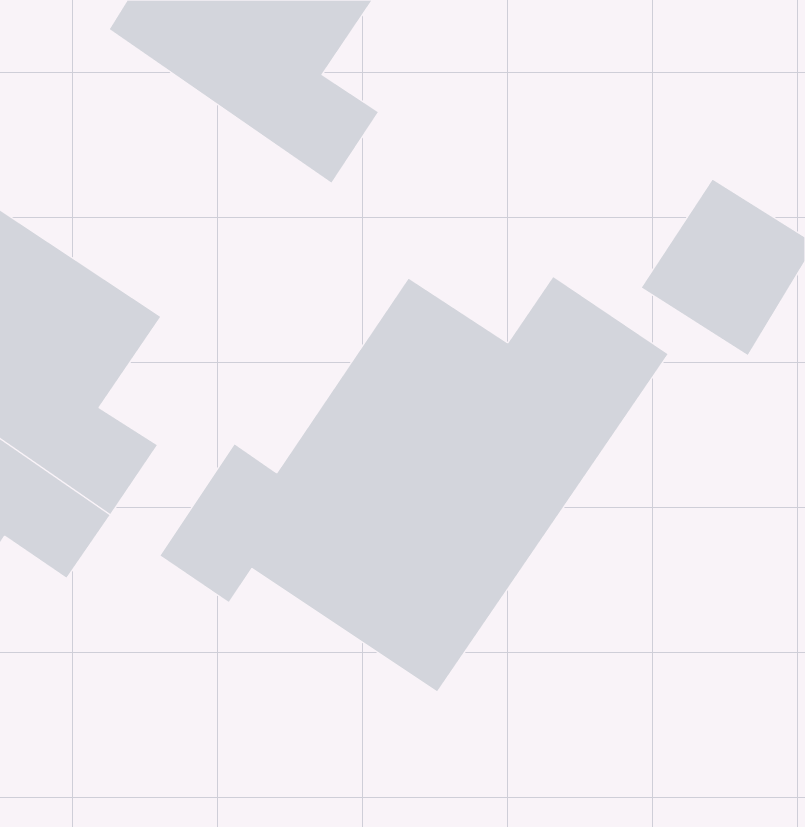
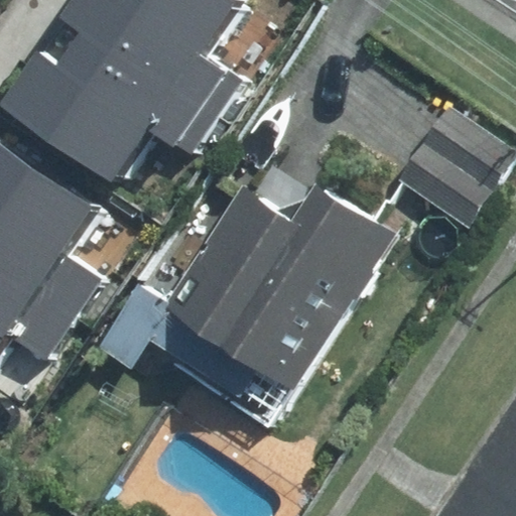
building: none -> [12,20,206,170]

